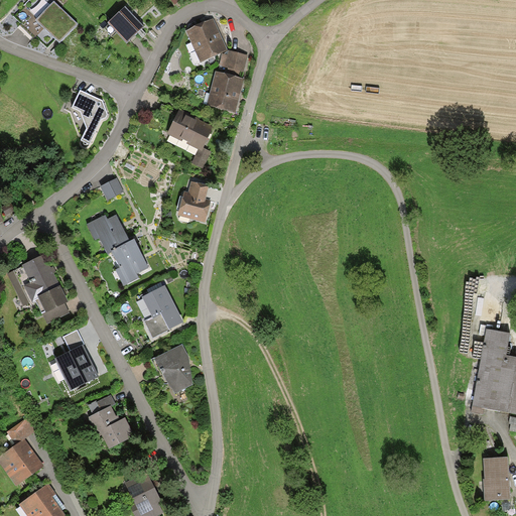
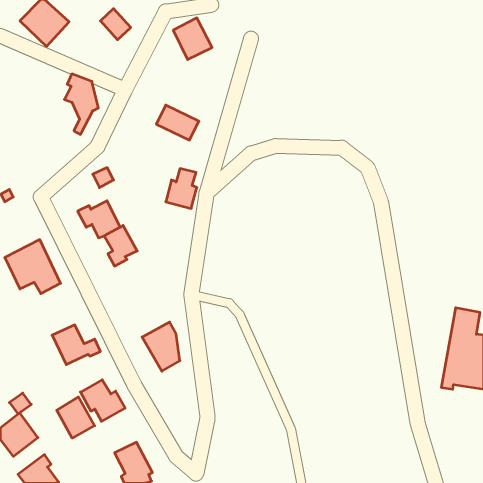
building: [207,49,250,113] -> none
building: [136,281,183,339] -> none
building: none -> [57,397,95,438]
building: [484,458,511,500] -> none

